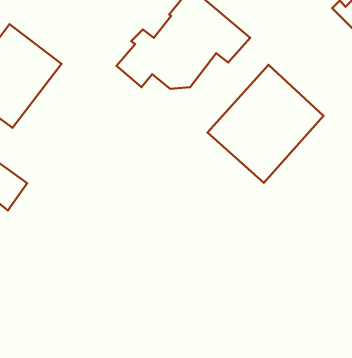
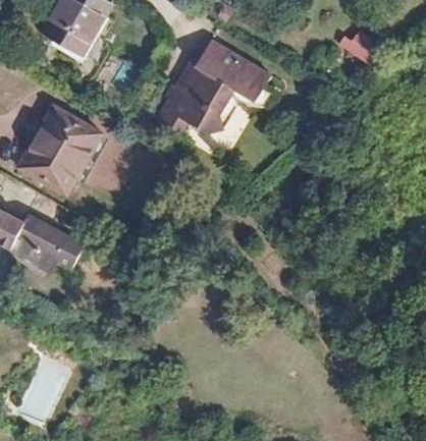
building: [207,65,324,183] -> none

